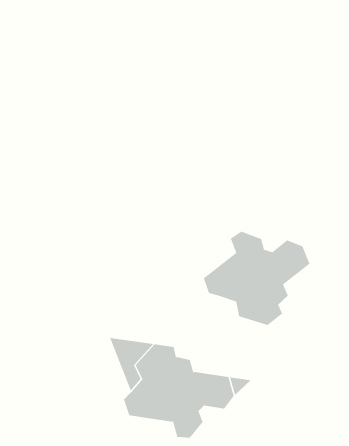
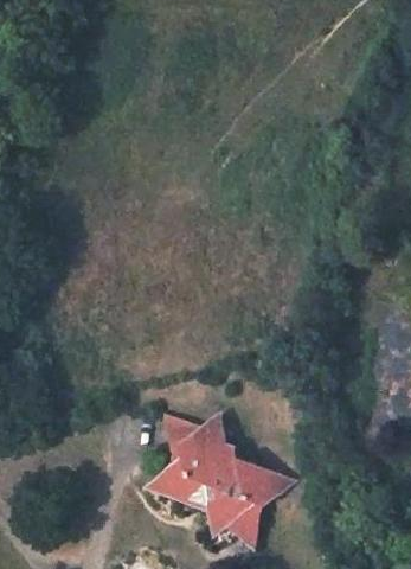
building: [203,231,310,326] -> none

